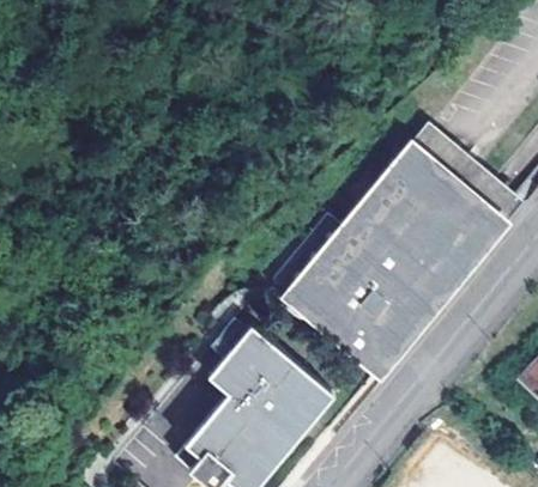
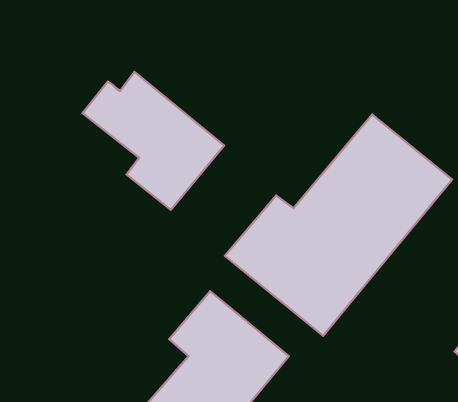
building: none -> [83,72,224,210]

